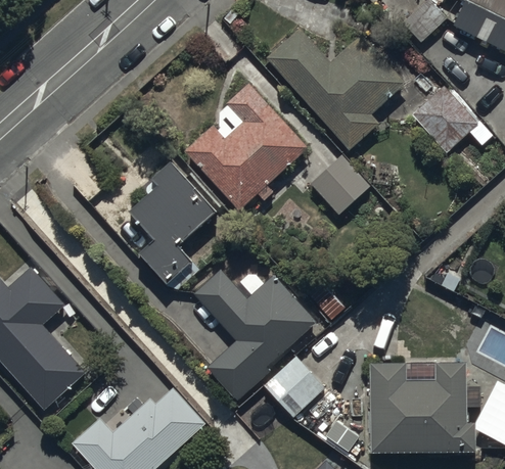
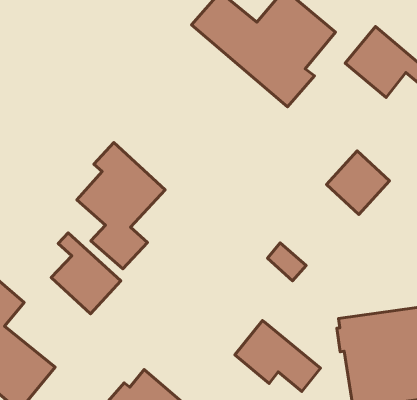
building: [184,83,309,210] -> none
building: [310,154,372,217] -> [326,151,390,215]
building: none -> [51,233,121,314]
building: [192,269,318,402] -> none

